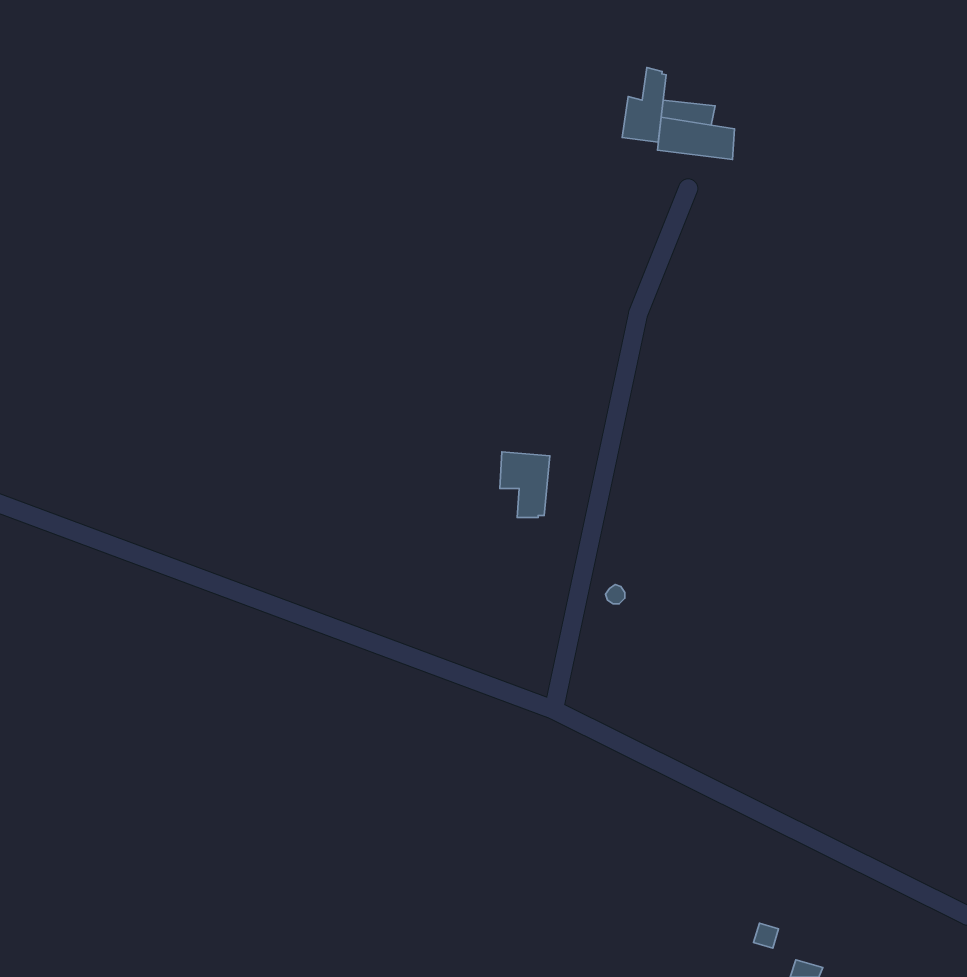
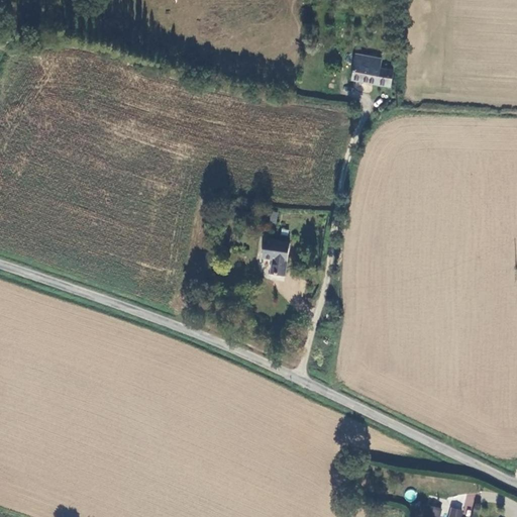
building: [622,68,666,142] -> none

